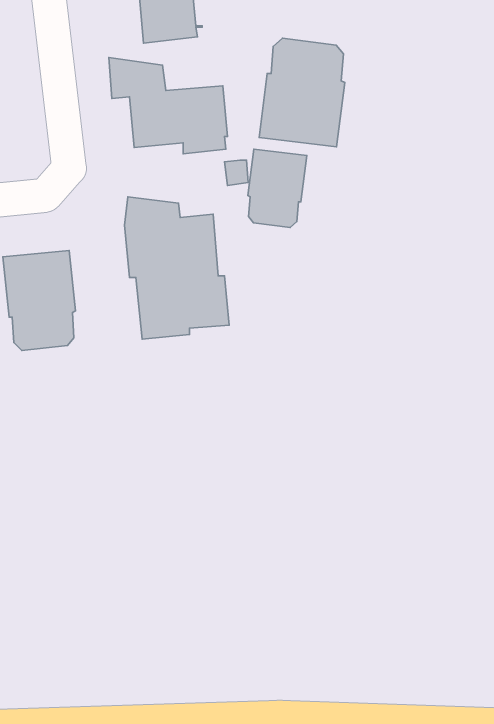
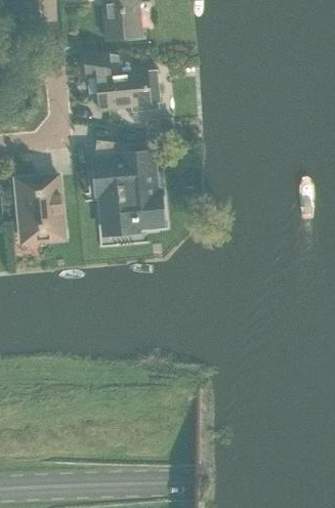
building: [259,38,345,147] -> none
building: [248,149,307,227] -> none

